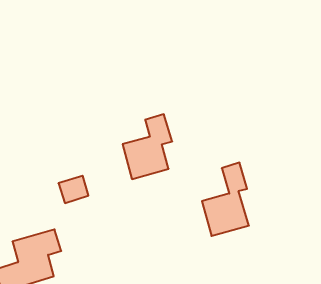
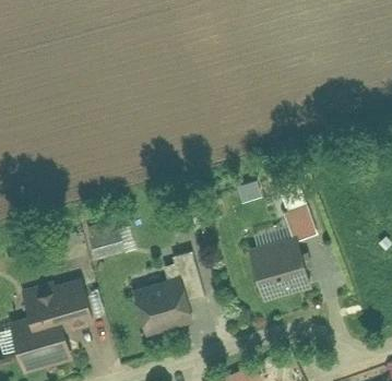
building: [123,114,172,179] -> [136,254,194,330]

